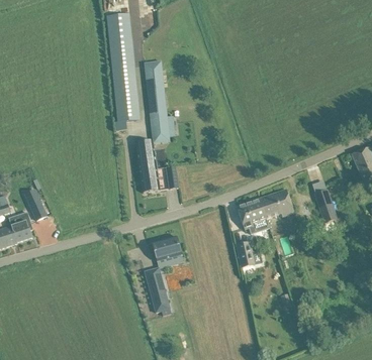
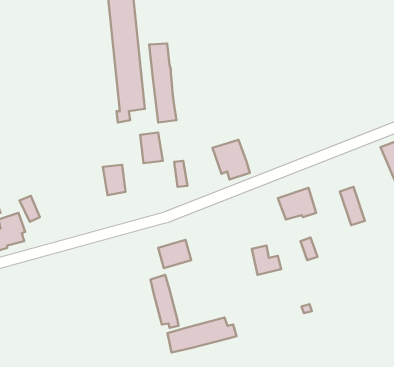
building: [138,164,159,192] -> [103,165,125,195]
building: [236,198,269,233] -> [213,140,250,179]
building: none -> [167,318,236,352]

